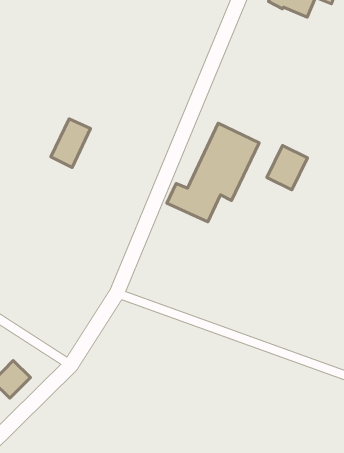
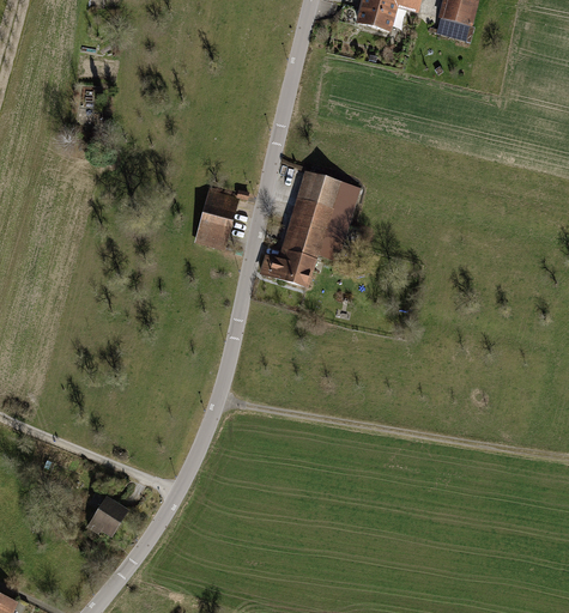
building: [51,119,91,168] -> [196,192,238,249]
building: [267,146,307,190] -> none

